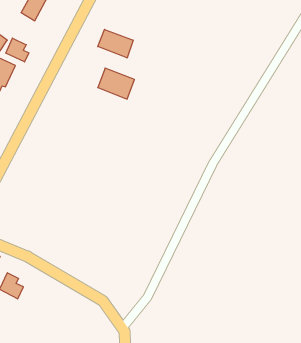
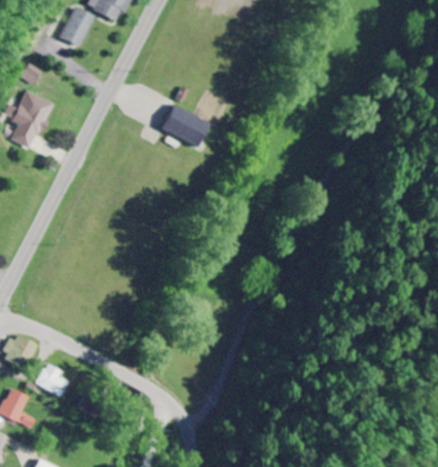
building: [98,29,133,58] -> none
building: [6,38,29,62] -> none

